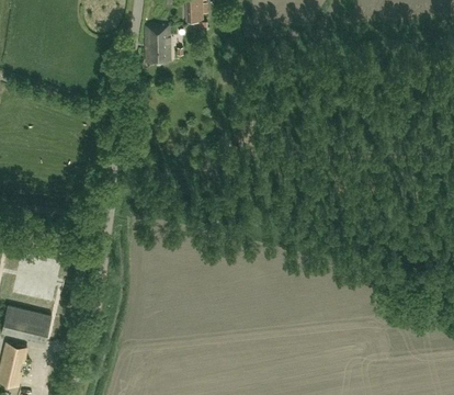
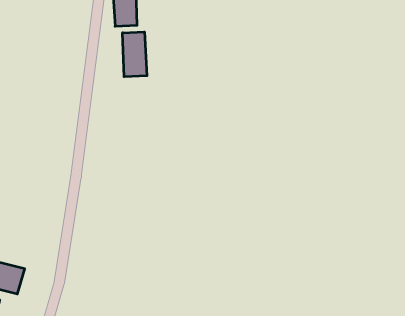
building: none -> [123,32,147,77]

